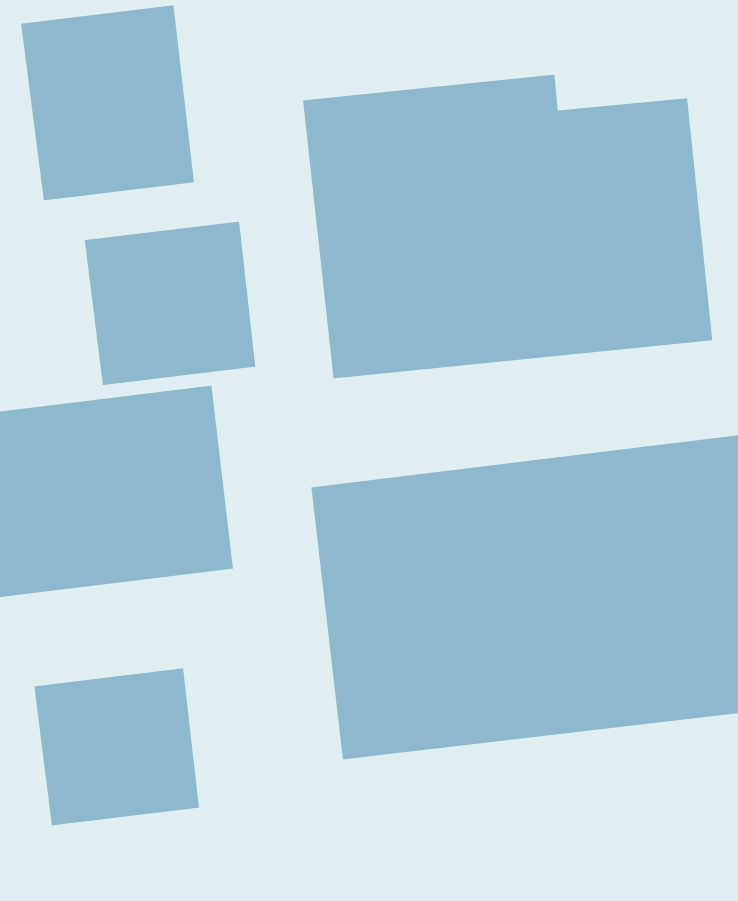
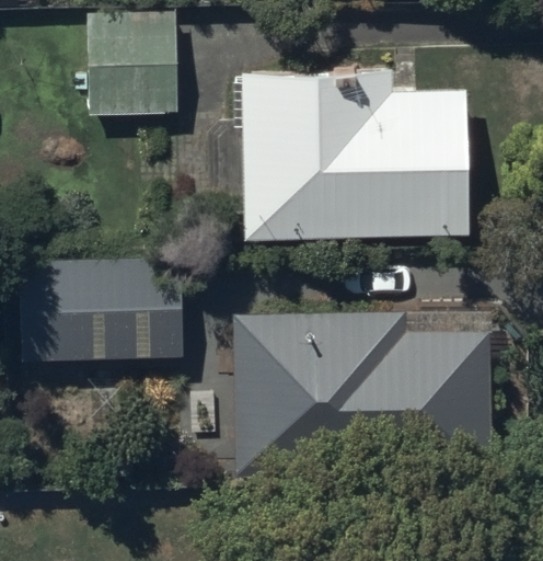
building: [84,221,256,386] -> none
building: [33,667,200,826] -> none

